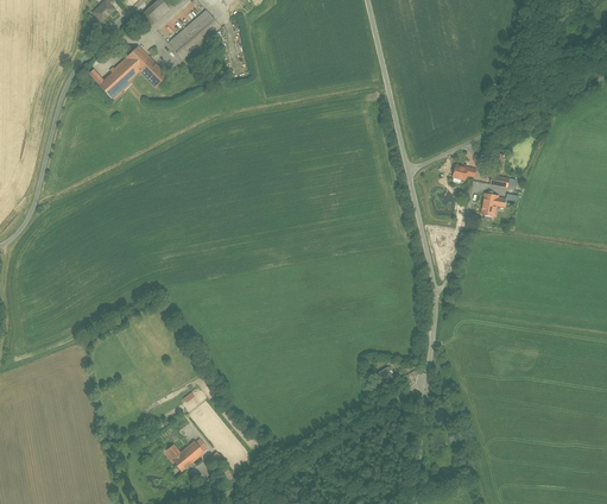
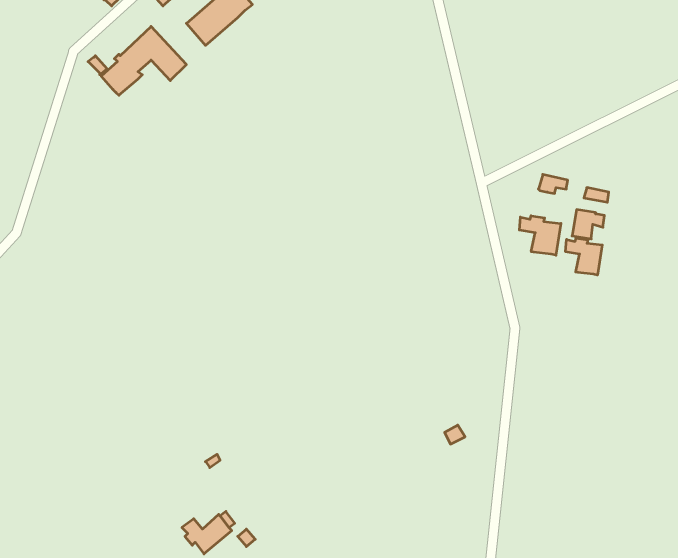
building: none -> [519,216,561,255]
building: none -> [566,238,602,275]

